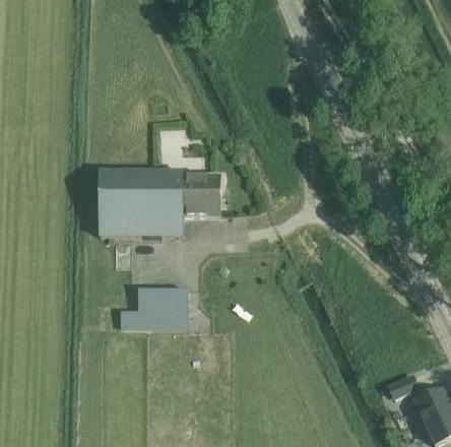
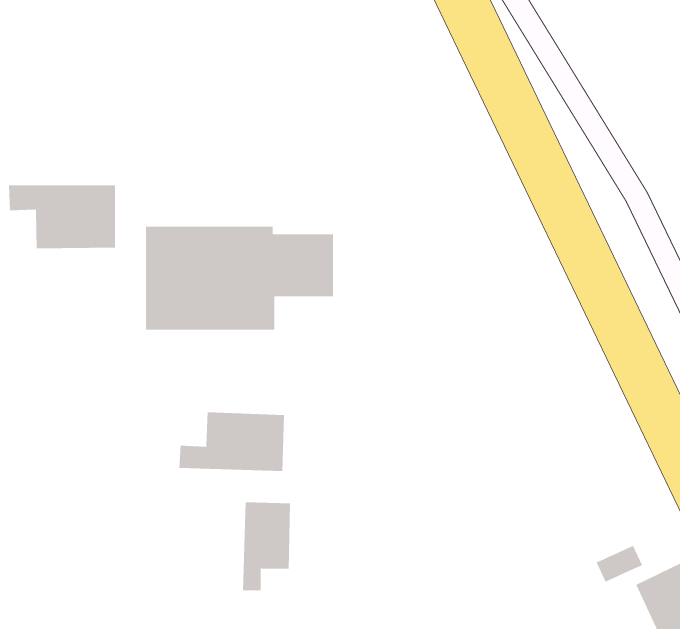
building: none -> [8,185,116,249]
building: none -> [242,501,291,591]

